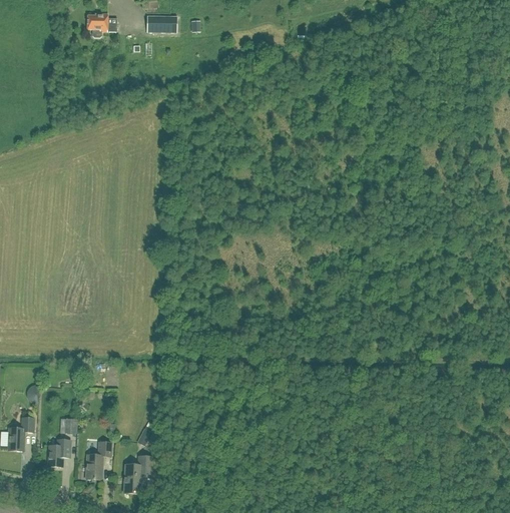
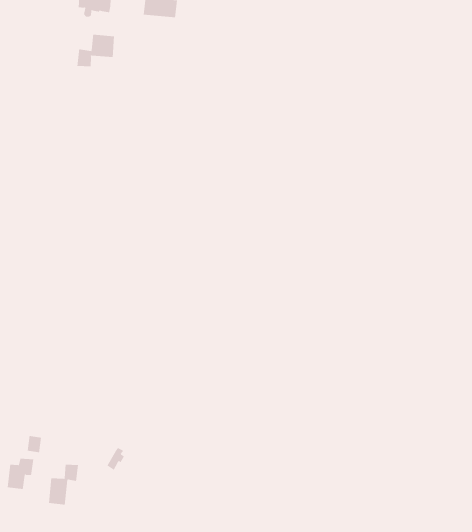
building: none -> [77,34,115,67]
building: [122,455,151,493] -> none

